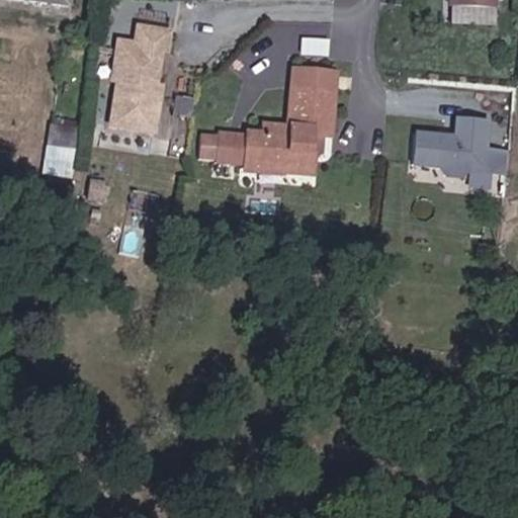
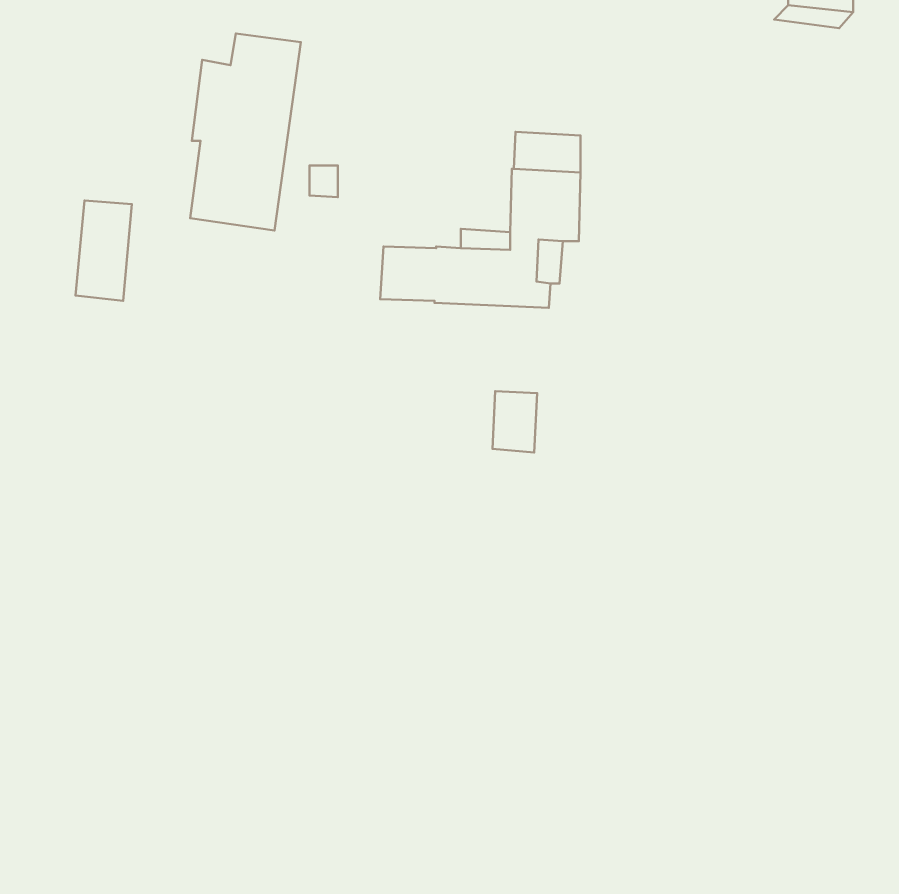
building: [411,113,505,187] -> none
building: none -> [493,391,537,452]

